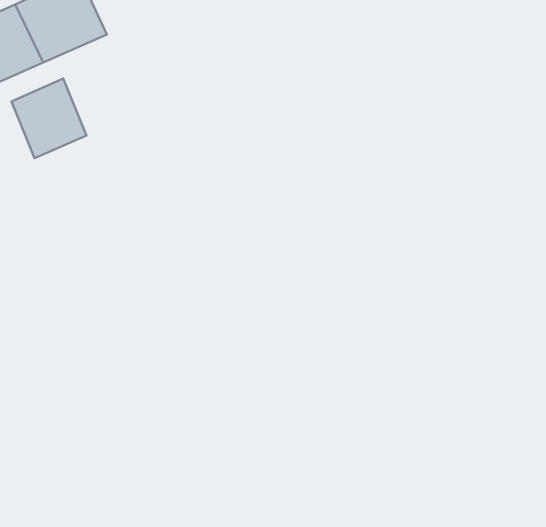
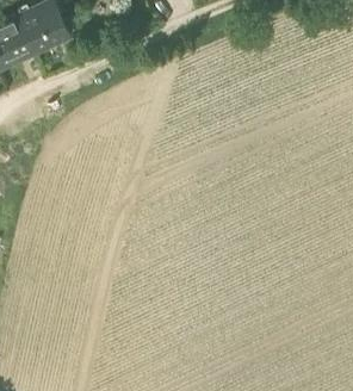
building: [12,79,86,158] -> none

